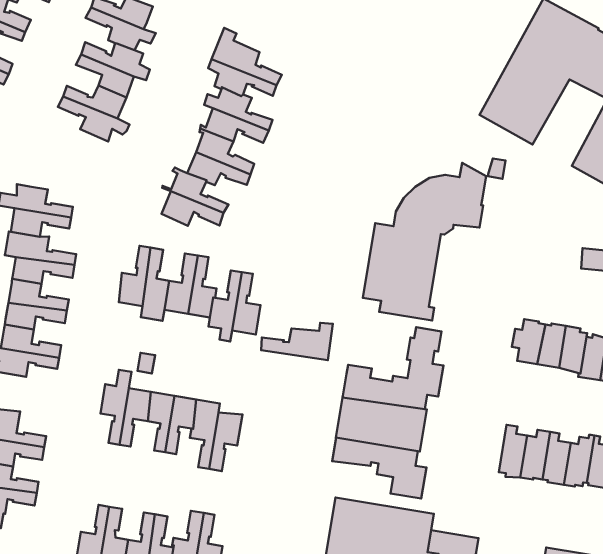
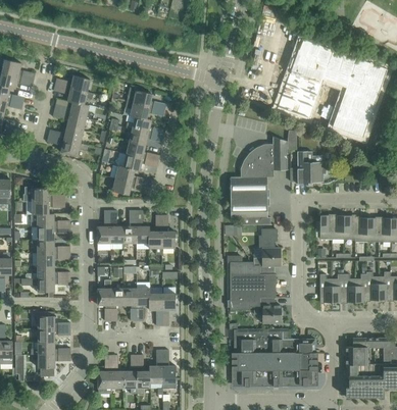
building: none -> [297,151,327,185]
building: [261,323,333,360] -> none

